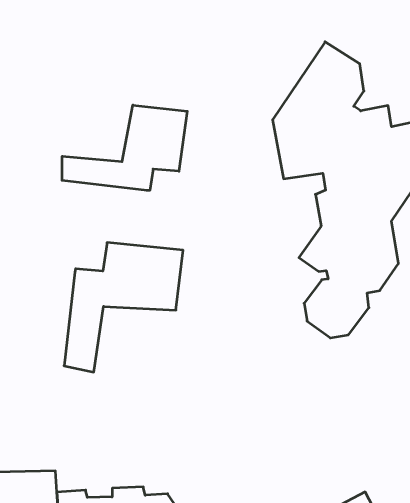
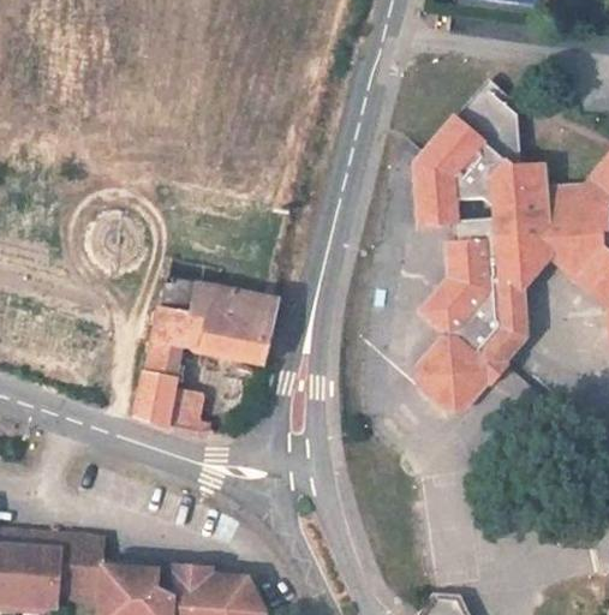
building: [62,105,187,190] -> none

